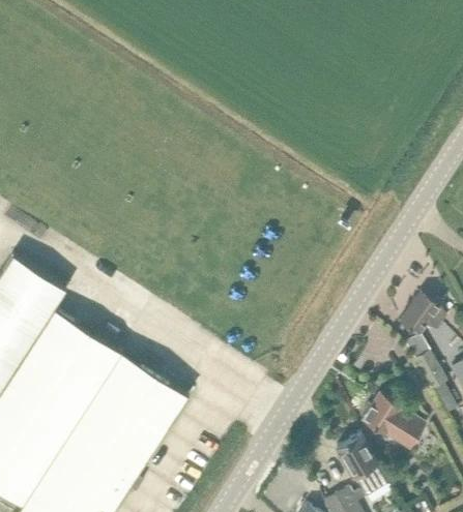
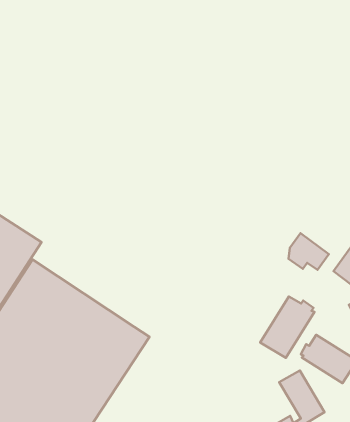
building: none -> [288,233,329,270]
building: none -> [260,296,314,358]

